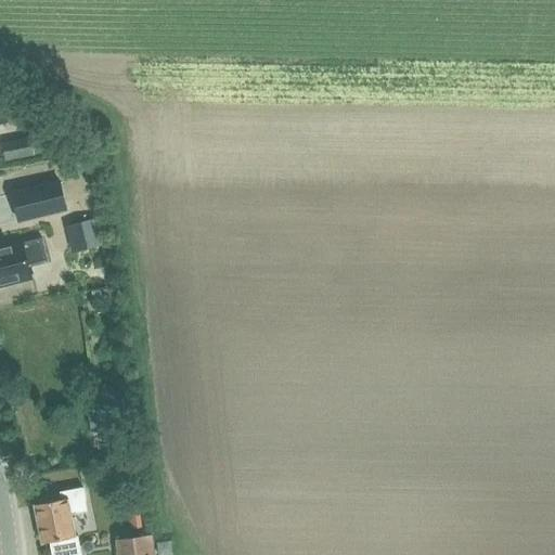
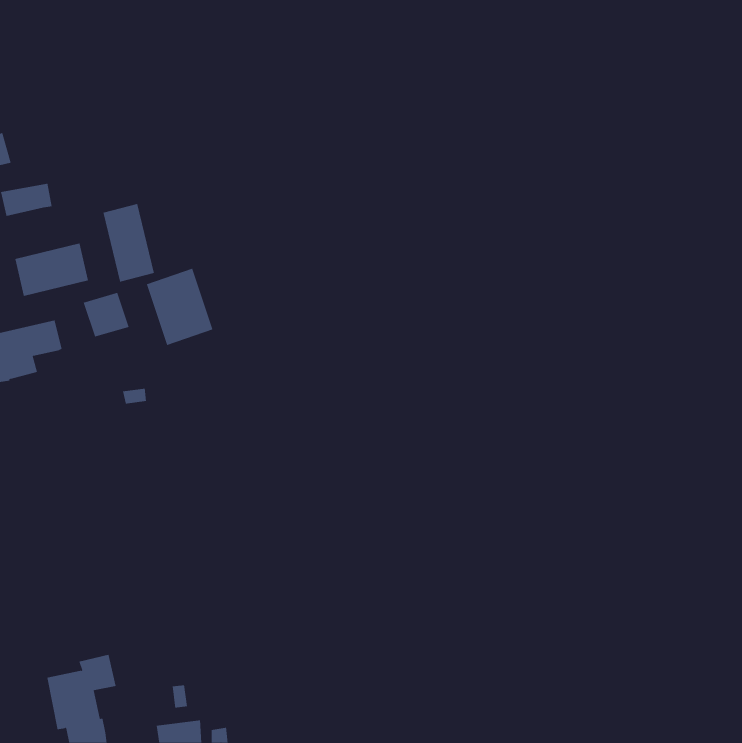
building: none -> [103,203,155,283]
building: none -> [146,268,213,346]

